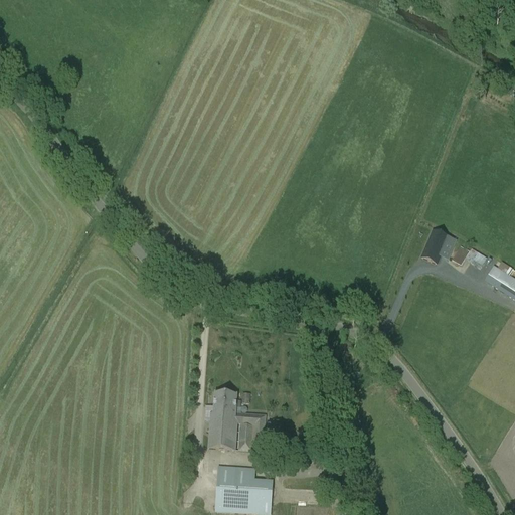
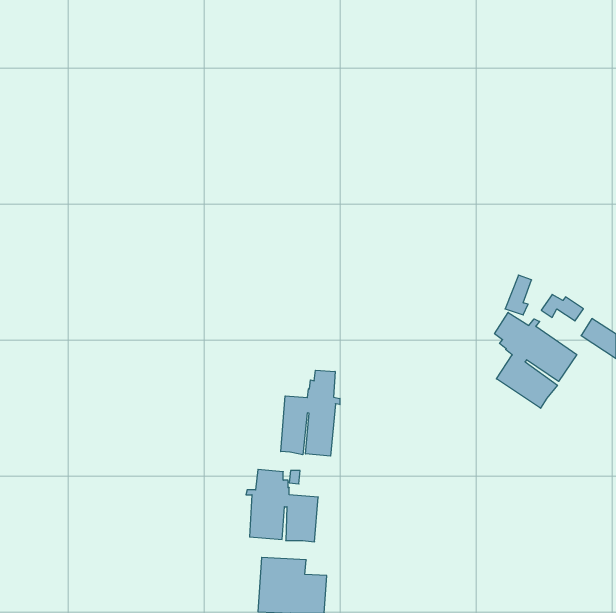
building: none -> [495,312,577,408]
building: none -> [281,370,340,456]

